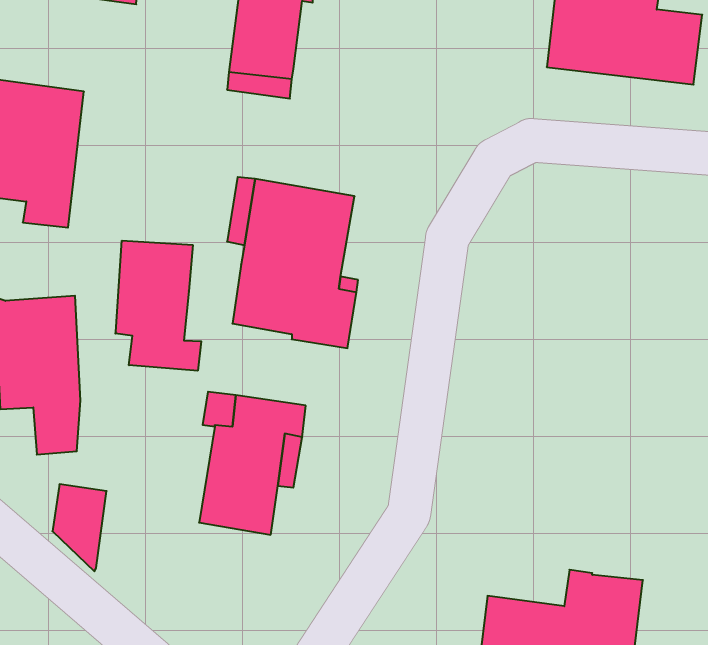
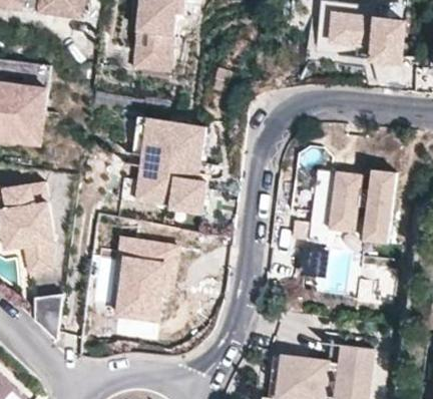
building: [115,241,201,371] -> none
building: none -> [327,169,393,244]

